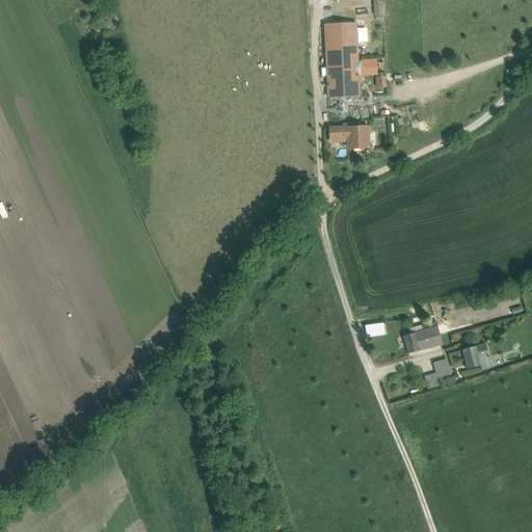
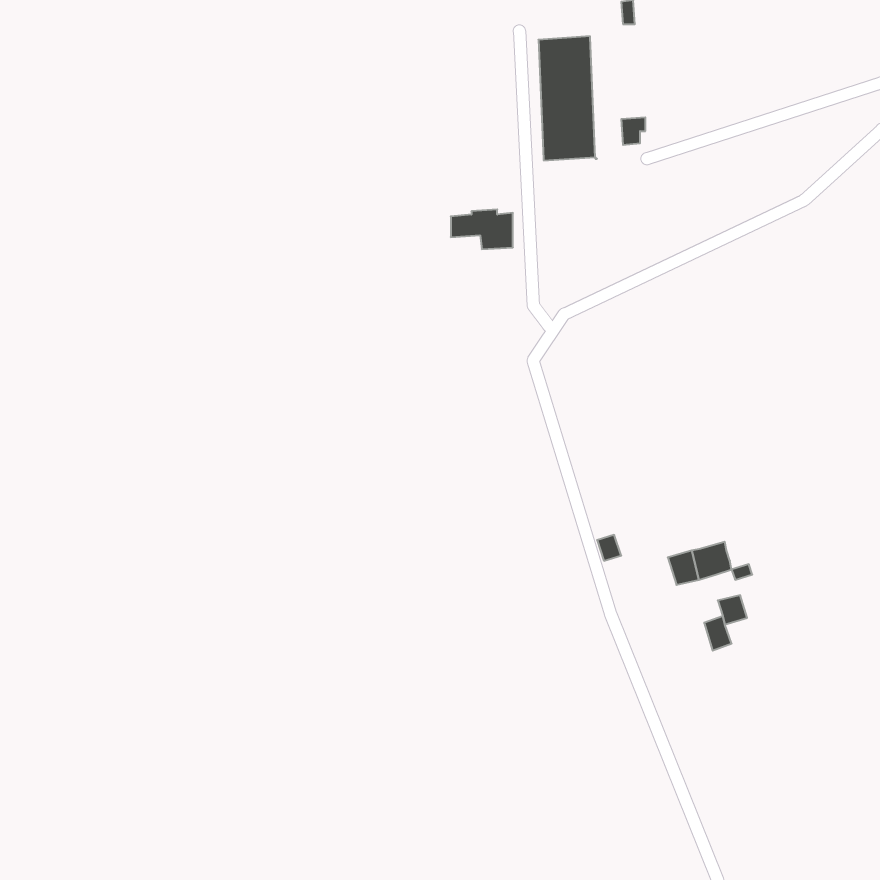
building: [330,124,368,148] -> [451,209,513,249]
building: [461,343,491,368] -> none

